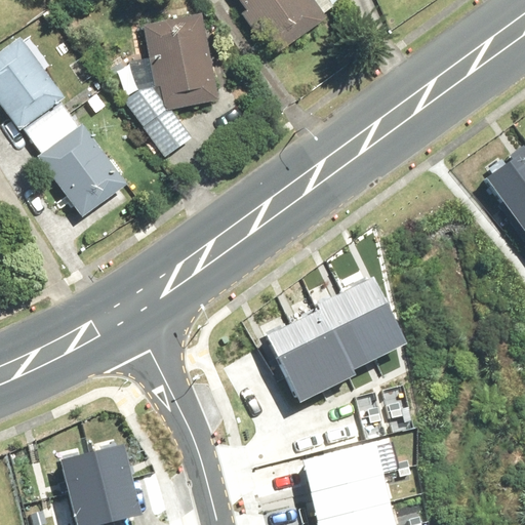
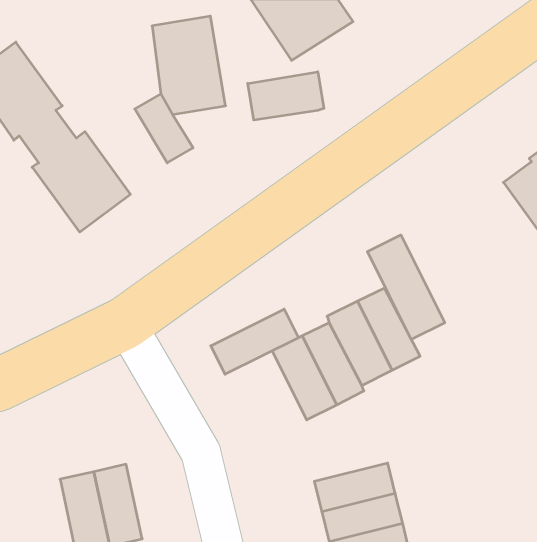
building: none -> [248,72,324,120]
building: none -> [367,235,445,339]
building: none -> [211,309,298,374]

